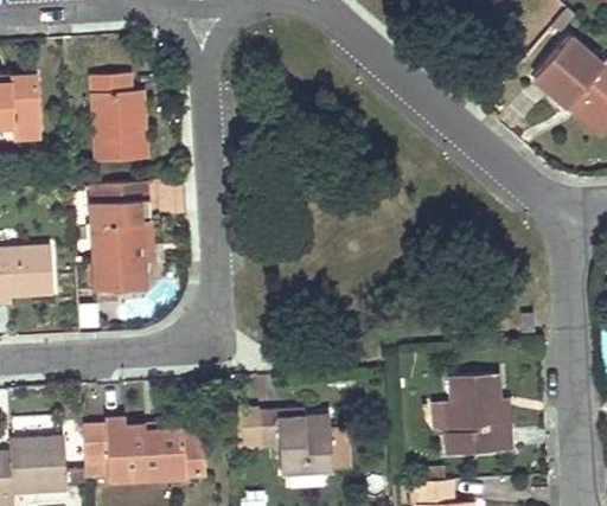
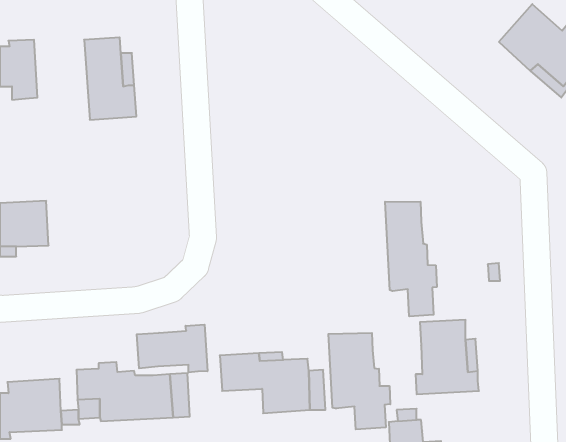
building: [90,181,152,292] -> none
building: none -> [385,202,437,316]
building: none -> [137,325,207,372]
building: none -> [328,333,390,429]

